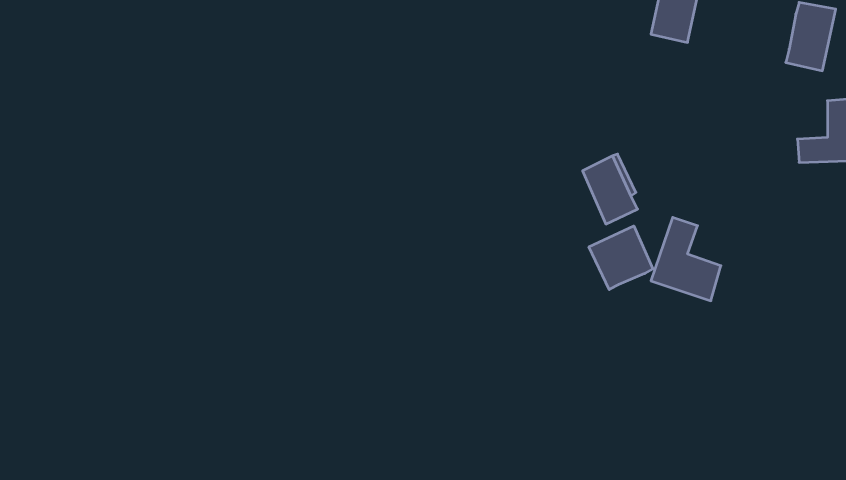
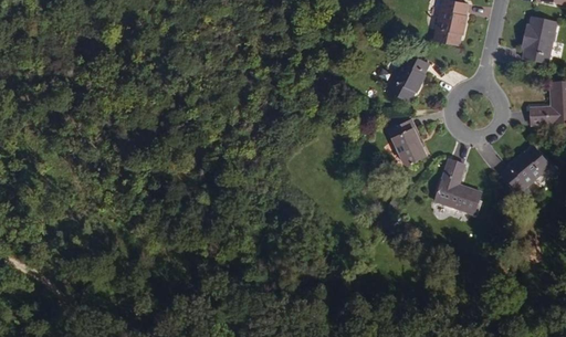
building: none -> [386,51,428,99]
building: none -> [503,147,552,192]
building: [589,226,653,290] -> none

